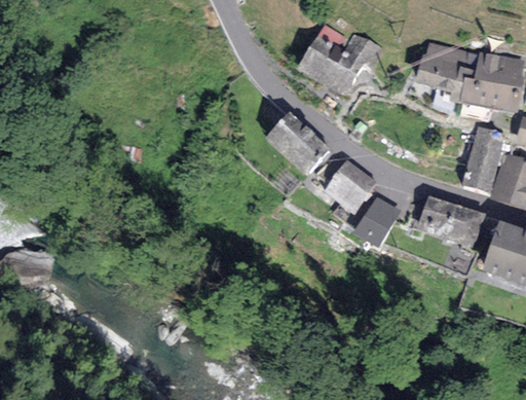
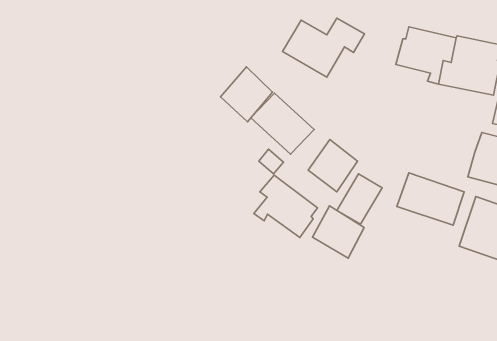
building: none -> [220,67,273,122]
building: [461,125,505,192] -> none
building: none -> [254,175,317,238]
building: none -> [313,206,364,258]

